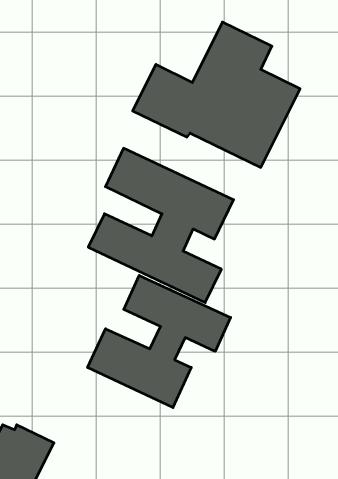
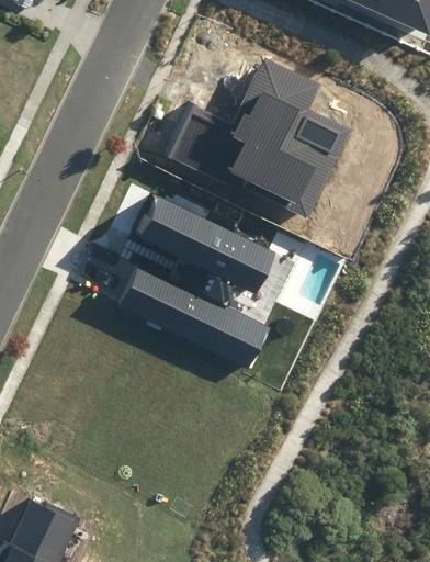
building: [88,275,231,408] -> none

